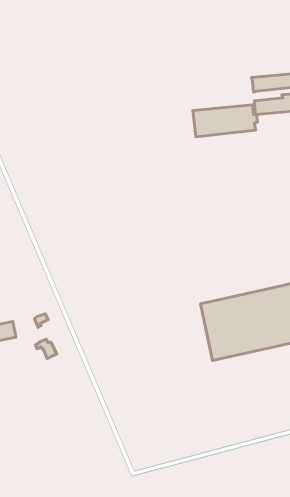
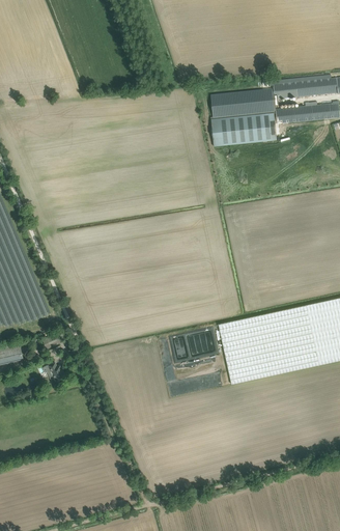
building: none -> [210,88,279,118]

